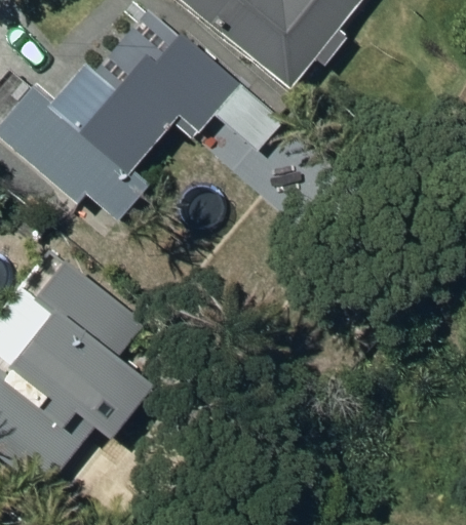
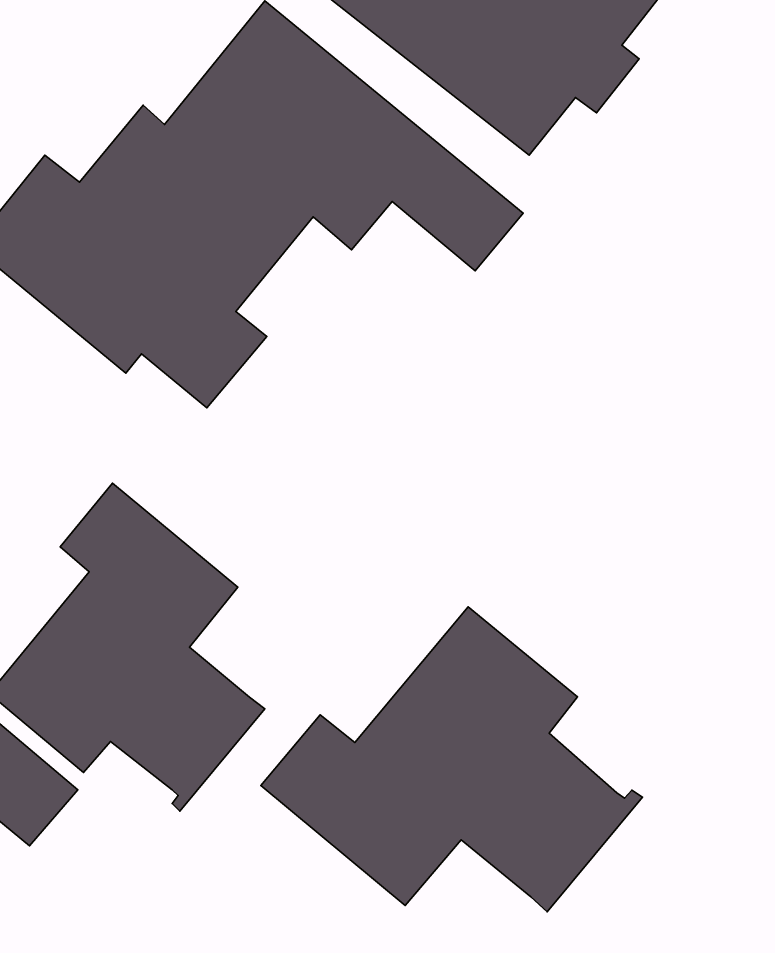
building: none -> [261,607,642,912]

